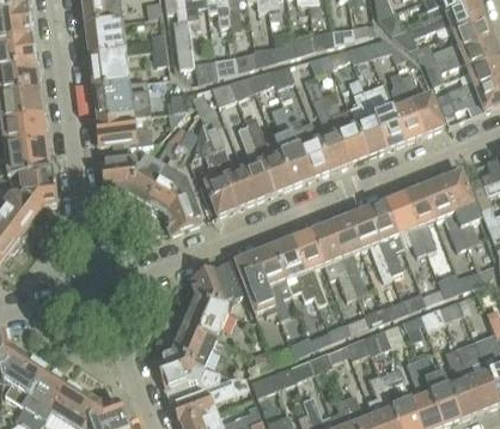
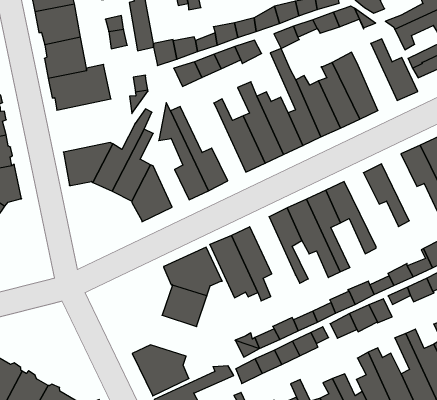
building: [388,72,423,141] -> none
building: [94,113,153,144] -> none
building: [238,126,274,199] -> none
building: [404,185,437,249] -> none
building: [367,200,404,272] -> none
building: [274,236,315,297] -> none
building: [171,324,217,364] -> none

